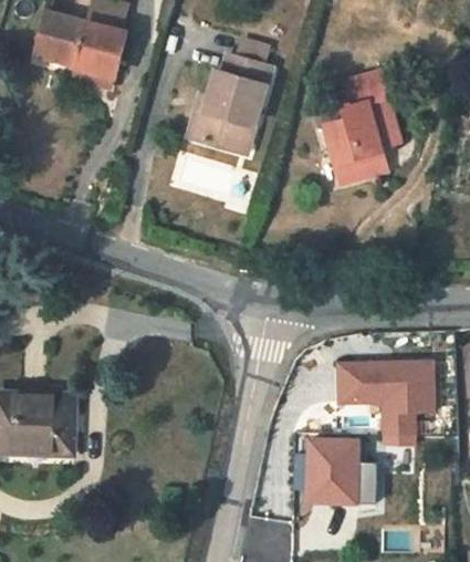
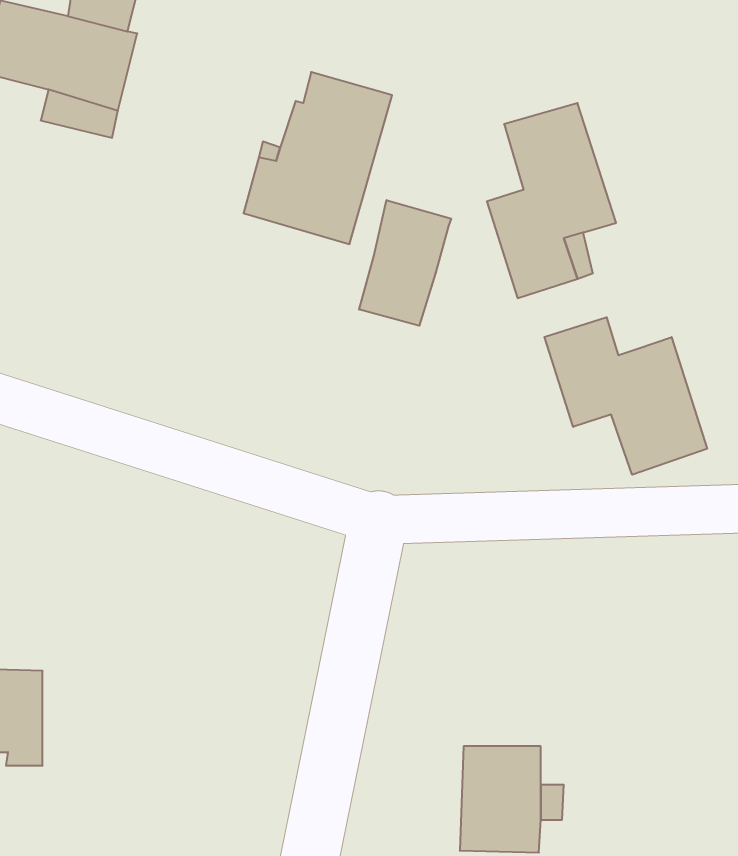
building: none -> [359,200,451,326]
building: none -> [544,317,707,475]
building: [334,357,438,437] -> none

